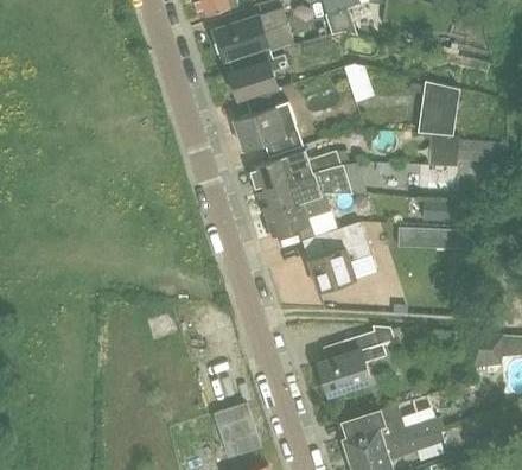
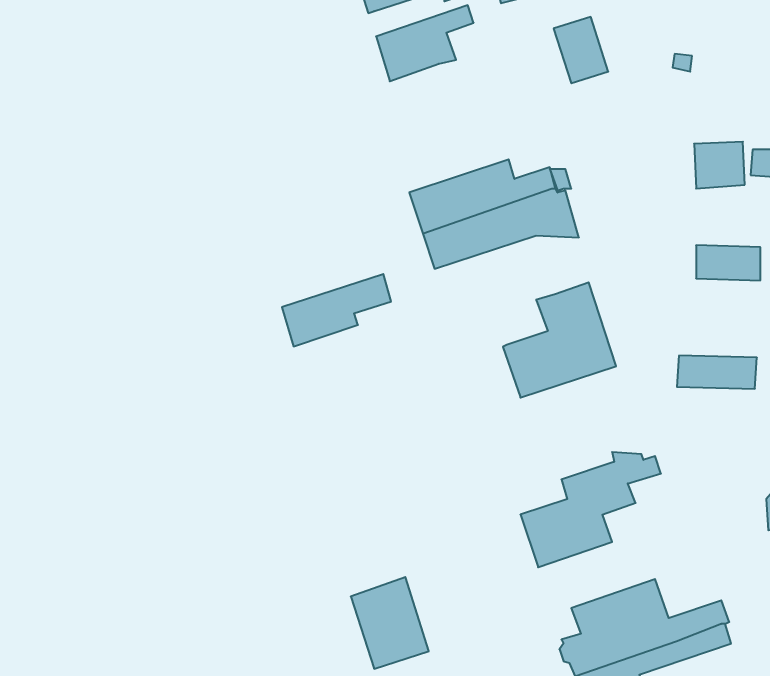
building: [418,81,460,136] -> none
building: [234,102,301,154] -> none
building: [265,193,331,237] -> [282,274,391,346]
building: [413,227,461,247] -> [677,356,757,389]

